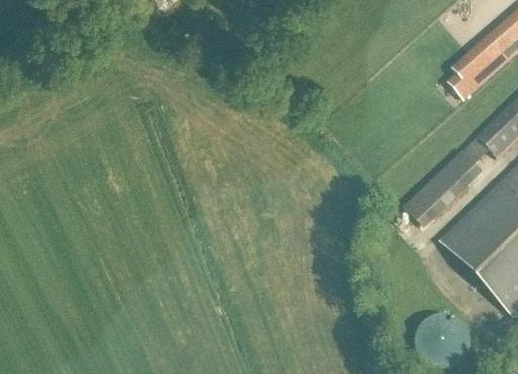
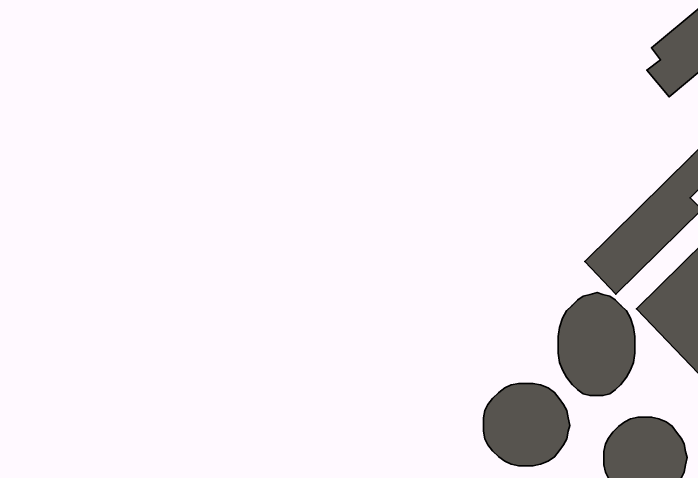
building: none -> [558,293,635,396]
building: none -> [483,383,570,466]

